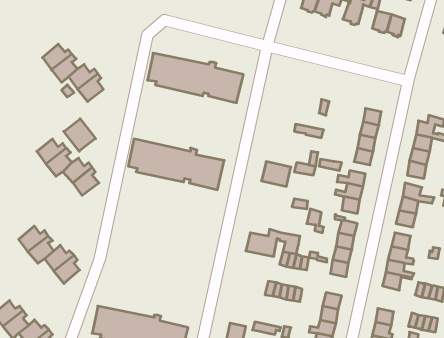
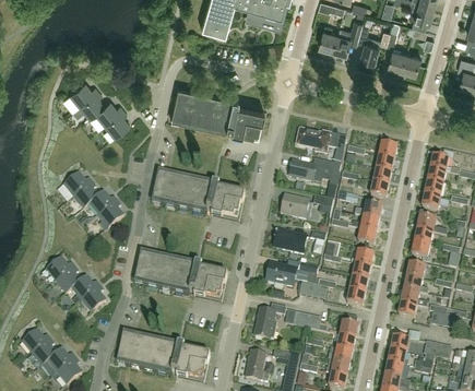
building: none -> [297,129,331,153]
building: [64,119,96,151] -> none
building: none -> [289,161,324,182]
building: none -> [274,229,308,253]
building: none -> [135,253,228,301]
building: none -> [254,304,286,340]

